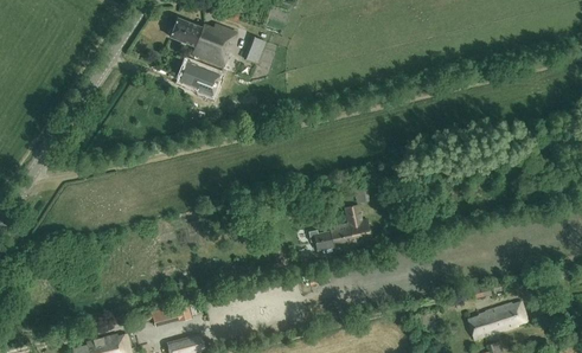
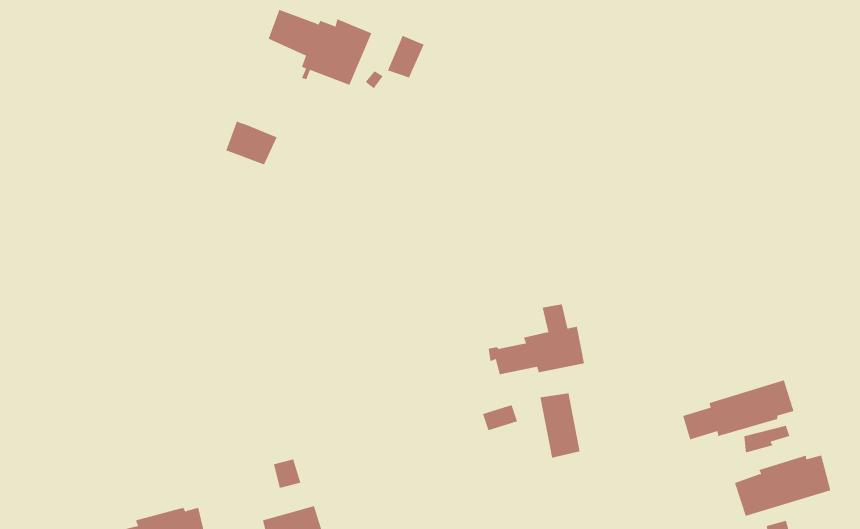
building: [183,59,216,88] -> [225,121,278,165]
building: none -> [683,380,794,440]
building: none -> [540,392,580,458]

